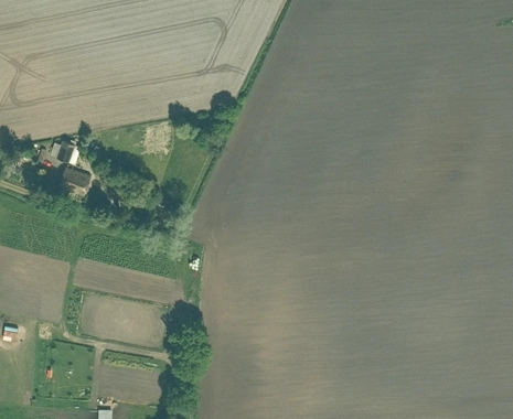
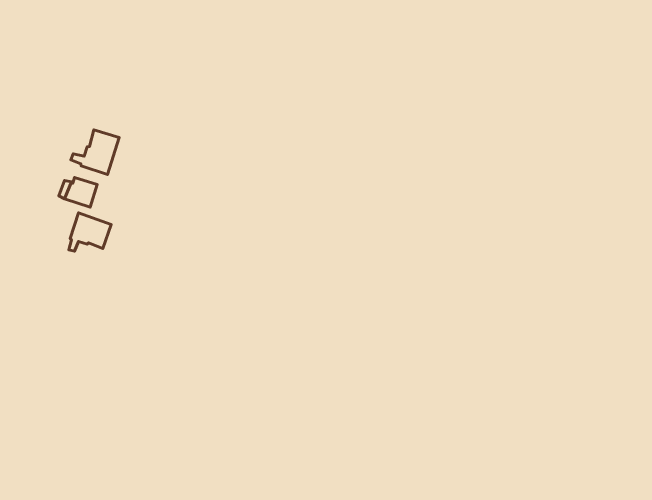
building: none -> [71,130,119,175]

